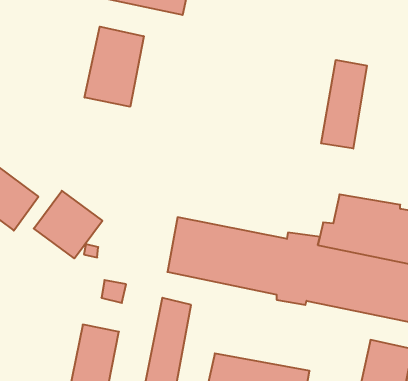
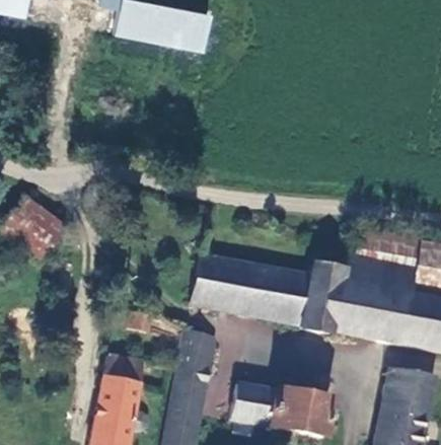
building: [85,27,144,107] -> none
building: [321,60,367,149] -> none
building: [34,191,102,258] -> none

